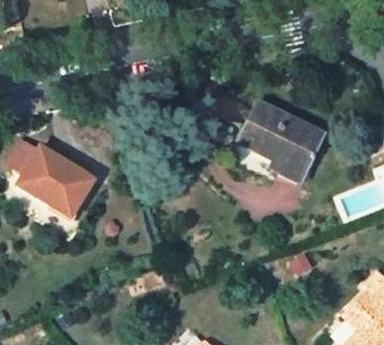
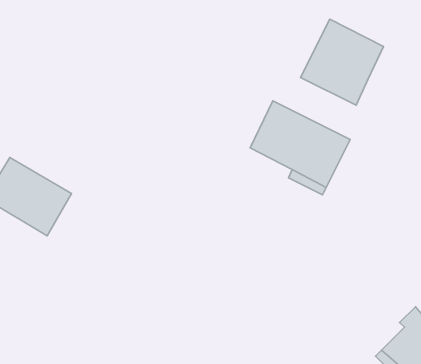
building: none -> [301,19,384,105]

